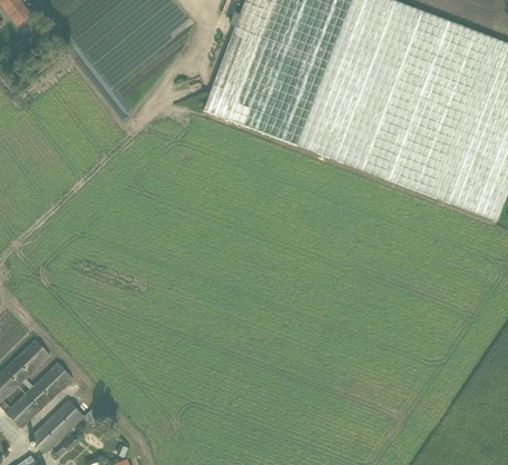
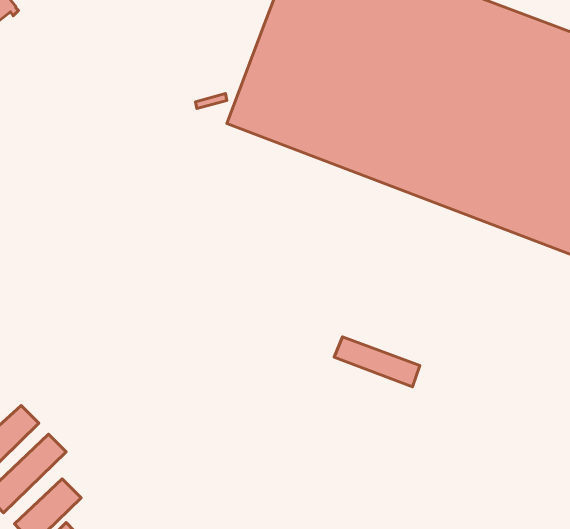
building: none -> [334,337,420,387]

